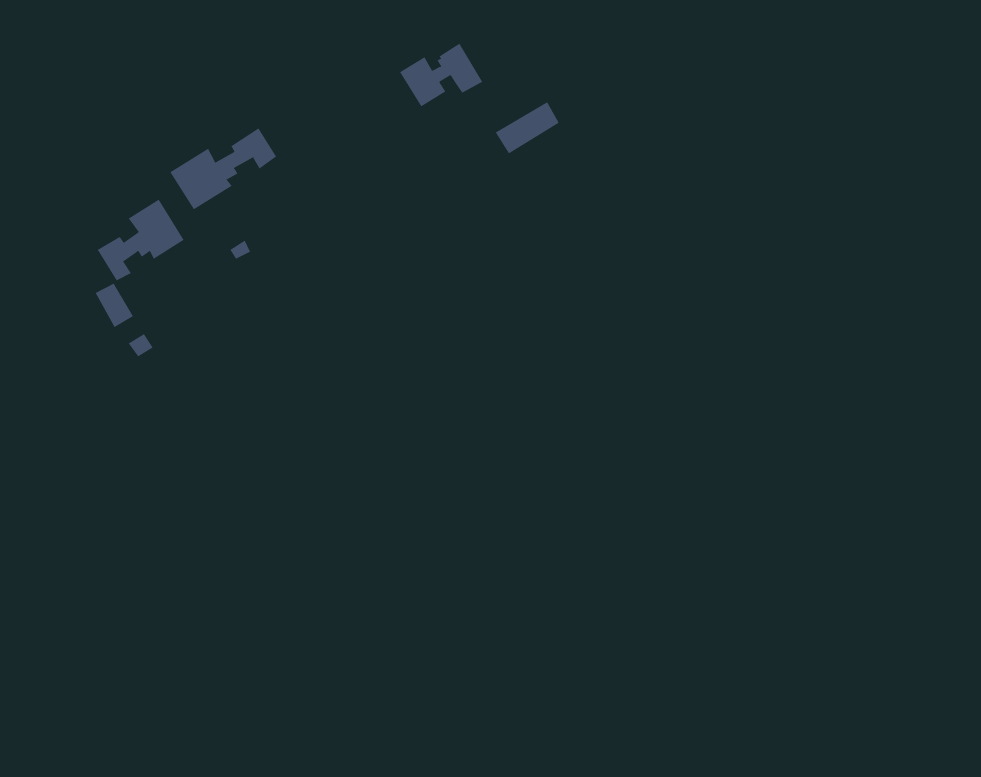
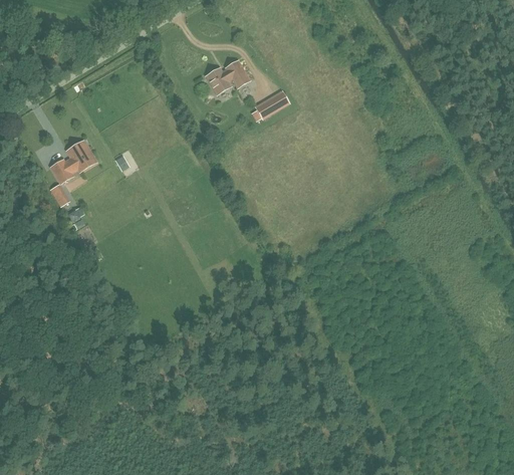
building: [170,127,277,210] -> none

